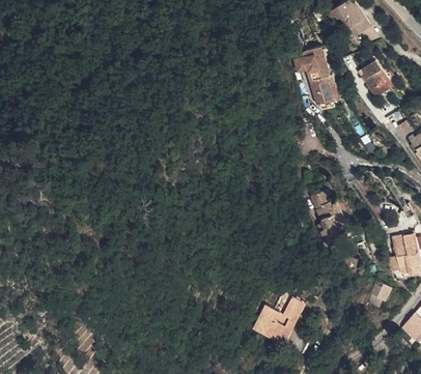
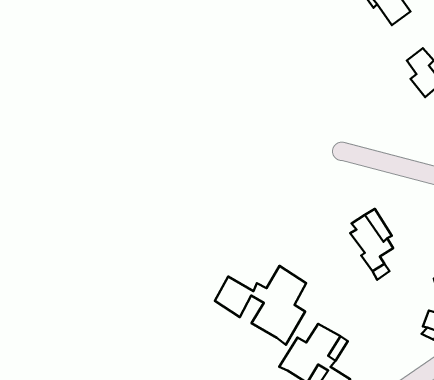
building: [291,46,330,102] -> none
building: none -> [215,266,306,345]

